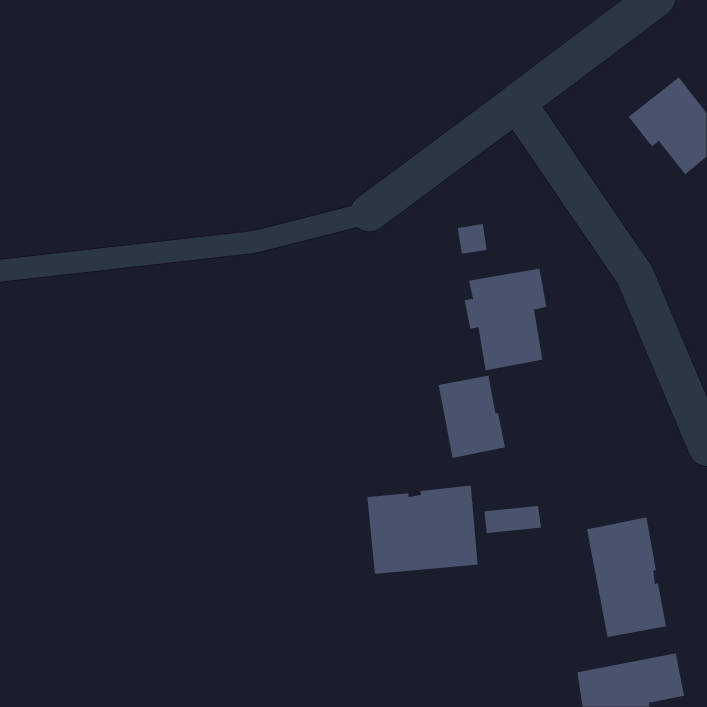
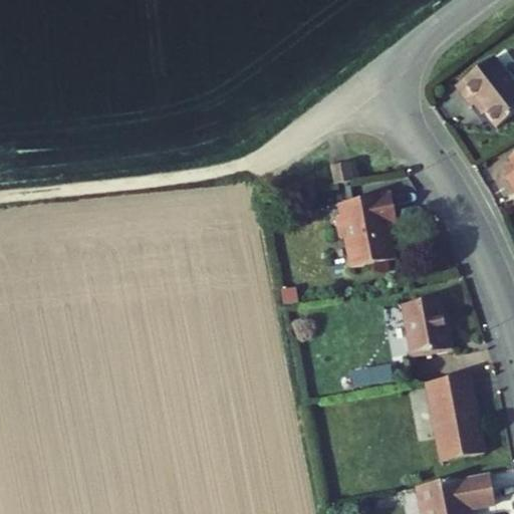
building: [438,375,506,459] -> [402,296,451,356]
building: [367,485,478,575] -> none

